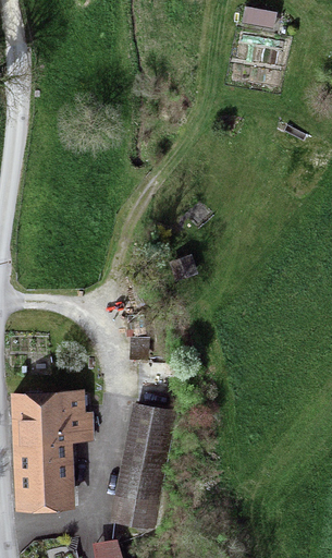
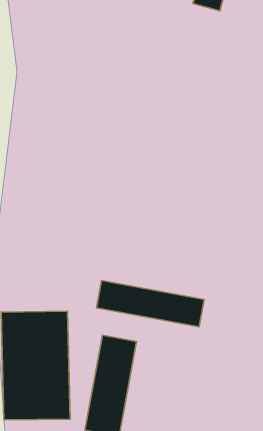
building: none -> [97,281,204,327]

